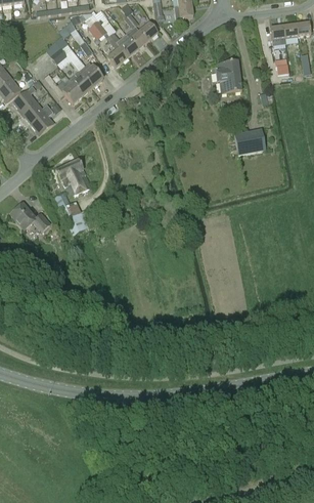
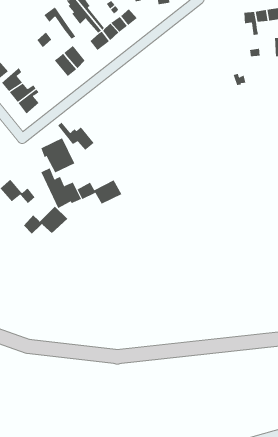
building: [217,59,241,92] -> none
building: [43,72,83,102] -> [57,122,95,151]
building: [233,127,266,154] -> none
building: none -> [77,179,122,204]
building: none -> [23,206,68,234]

